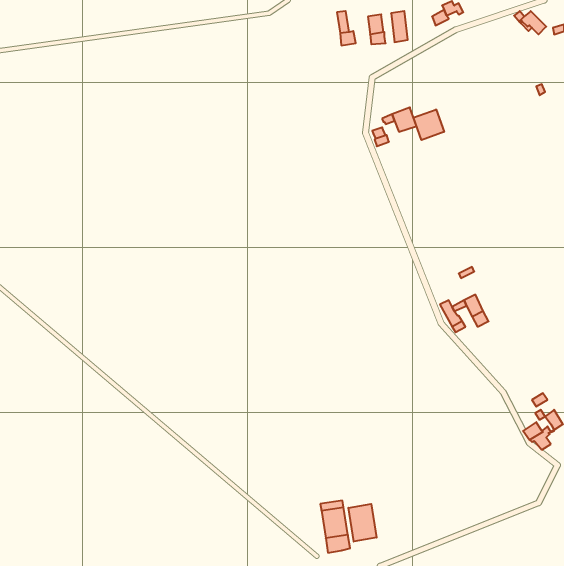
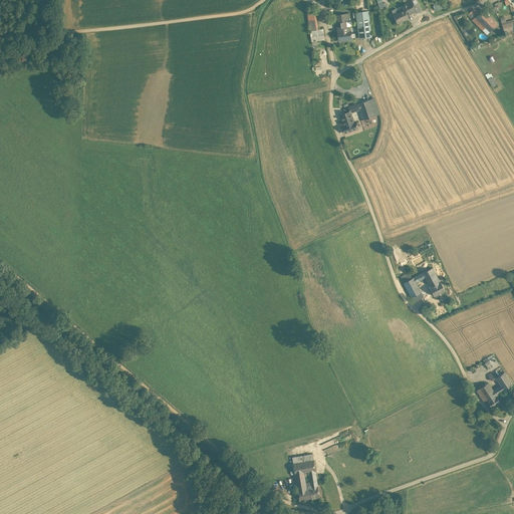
building: [414,109,444,140] -> none
building: [348,504,377,542] -> none

